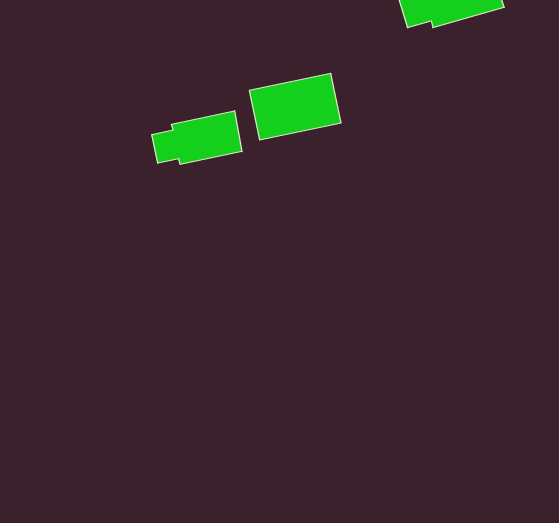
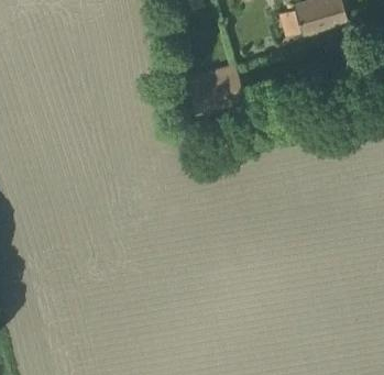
building: [152,111,242,164] -> none

